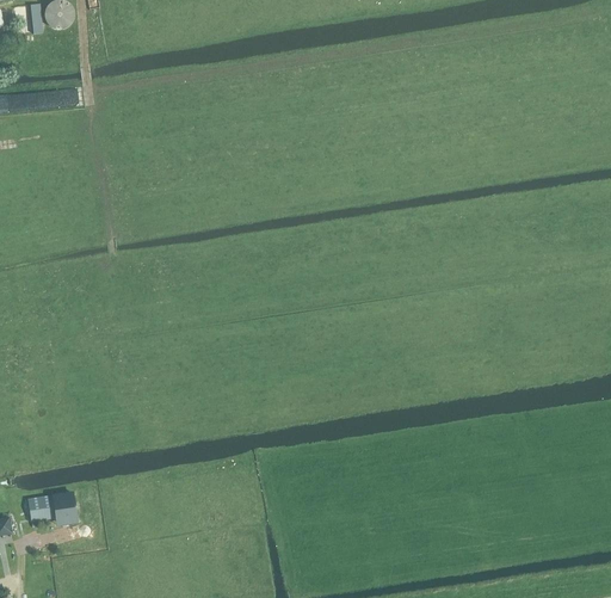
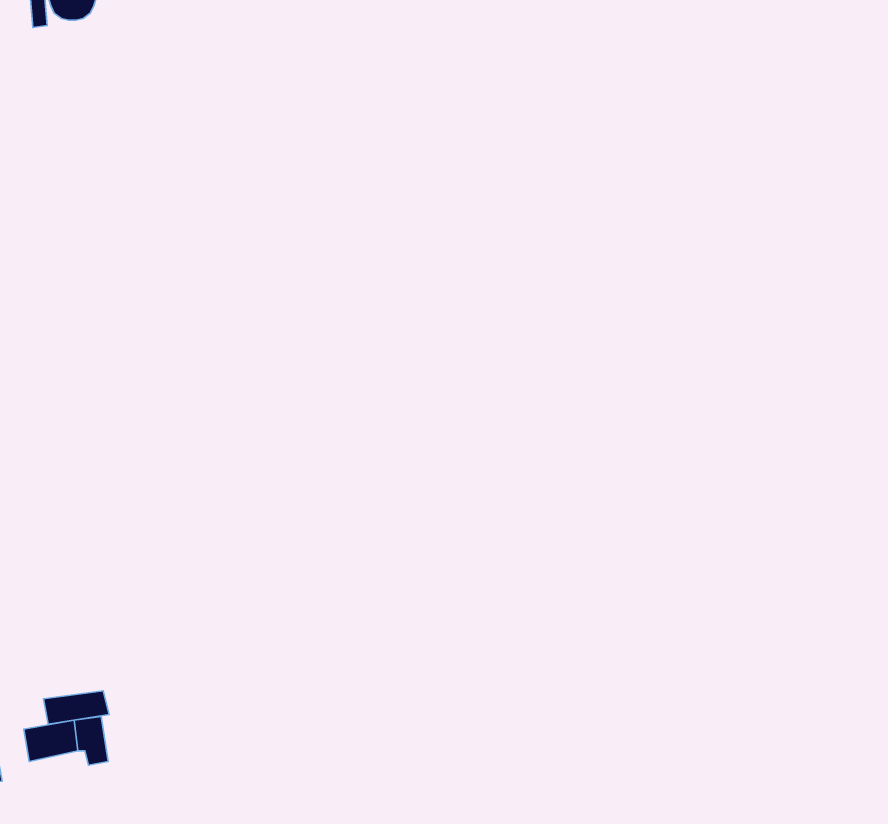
building: none -> [44,691,109,724]

